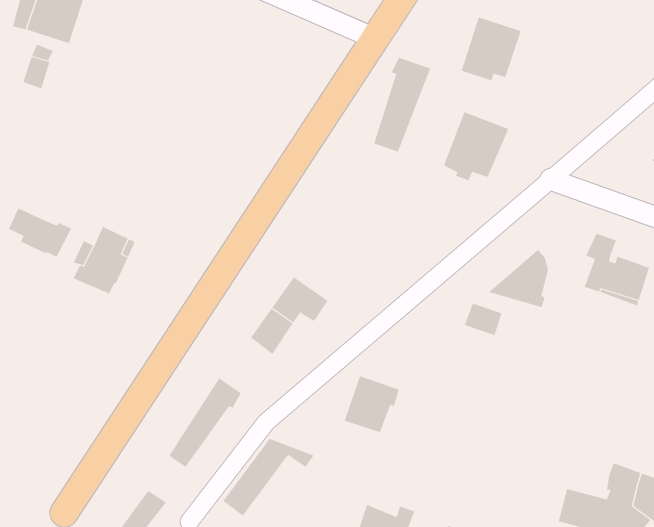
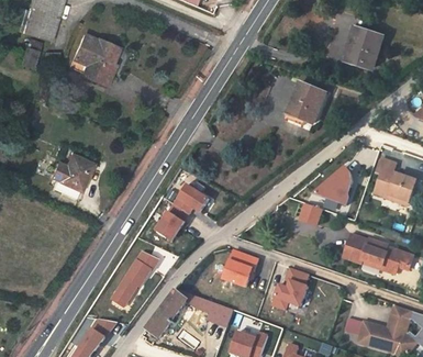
building: [461,17,522,81] -> [344,29,382,69]
building: none -> [68,33,116,86]
building: [373,57,431,153] -> none
building: [8,207,72,257] -> none
building: none -> [343,235,413,274]
building: none -> [271,268,308,310]
building: none -> [198,300,232,326]

